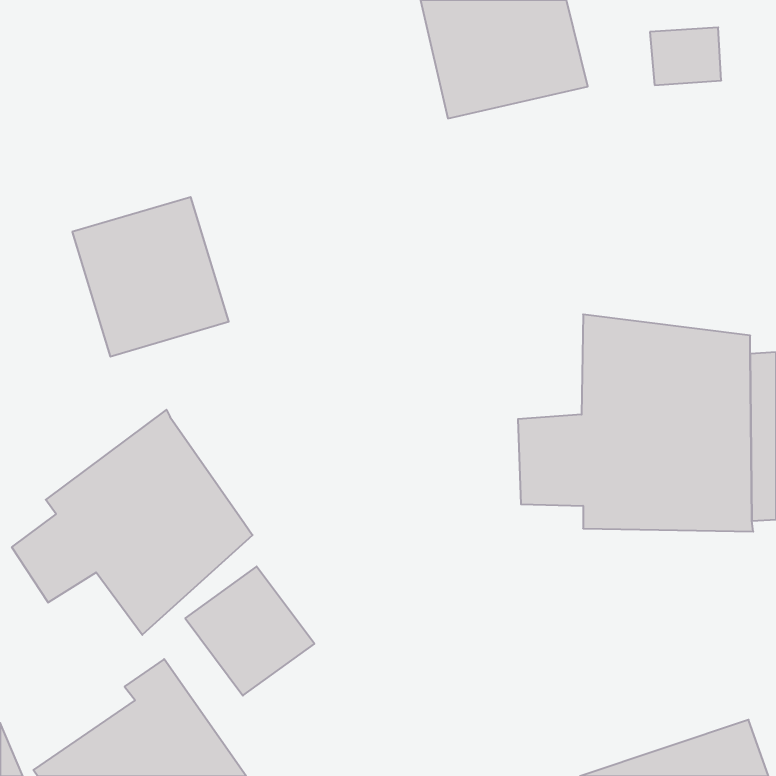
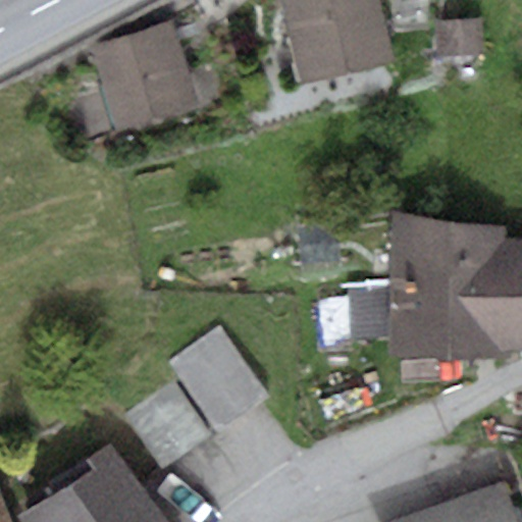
building: [72,197,229,357] -> [92,21,197,128]
building: [12,410,253,635] -> none
building: none -> [171,328,267,429]

